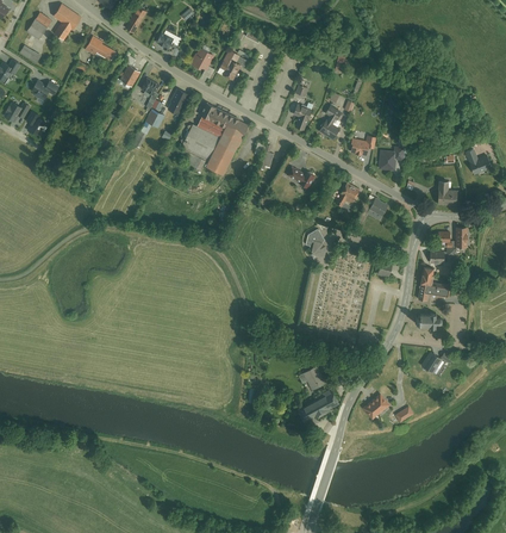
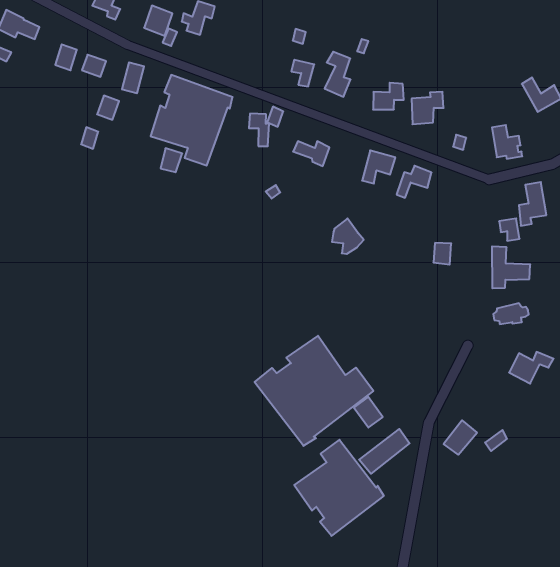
building: none -> [255,336,373,446]
building: none -> [294,440,384,536]

